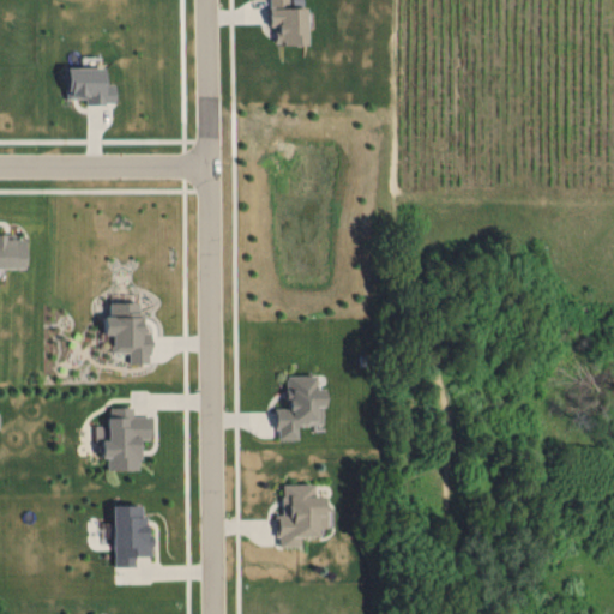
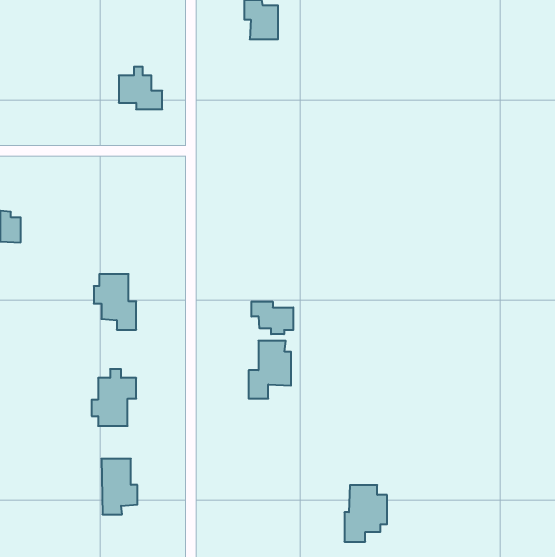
building: [67,58,115,104] -> [119,67,162,109]
building: none -> [251,302,293,334]
building: [277,484,324,547] -> [344,485,387,542]

